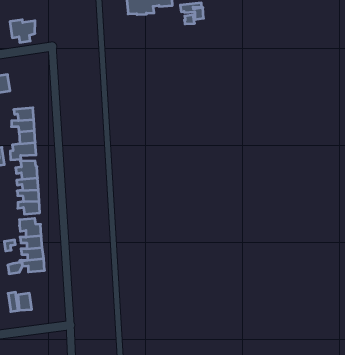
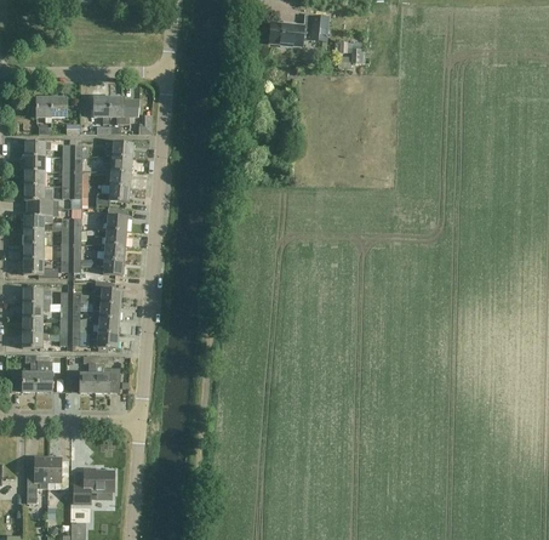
building: [10,20,35,42] -> [108,96,139,124]
building: none -> [95,368,120,393]

